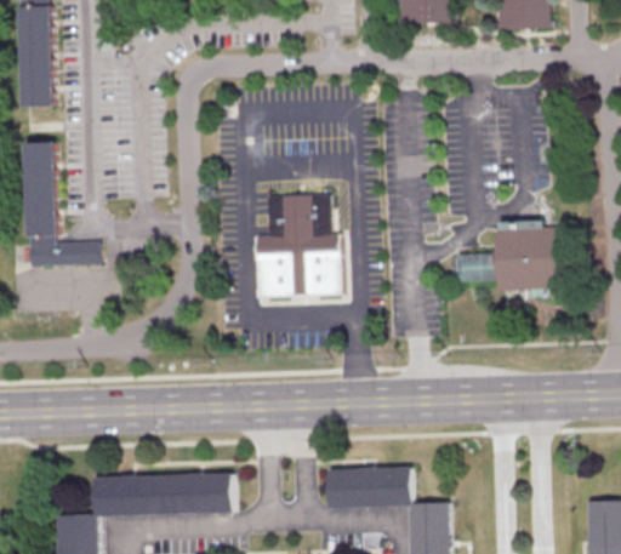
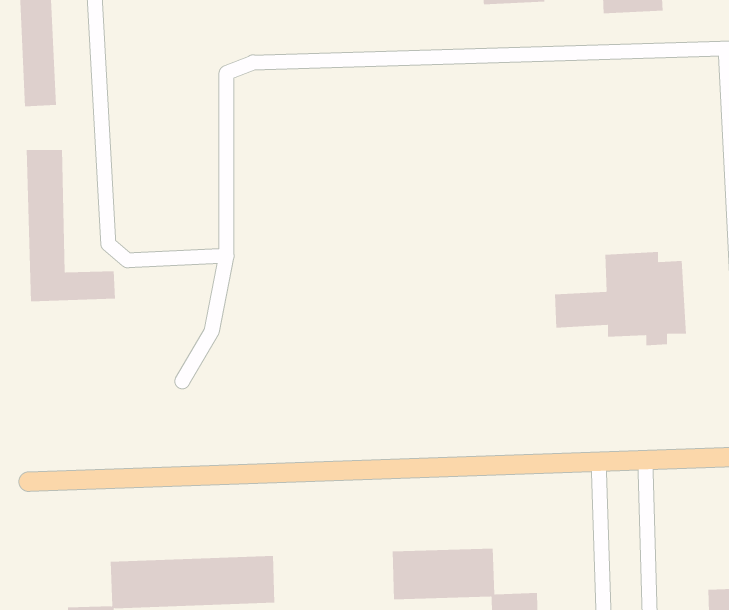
building: [258,198,343,299] -> none

